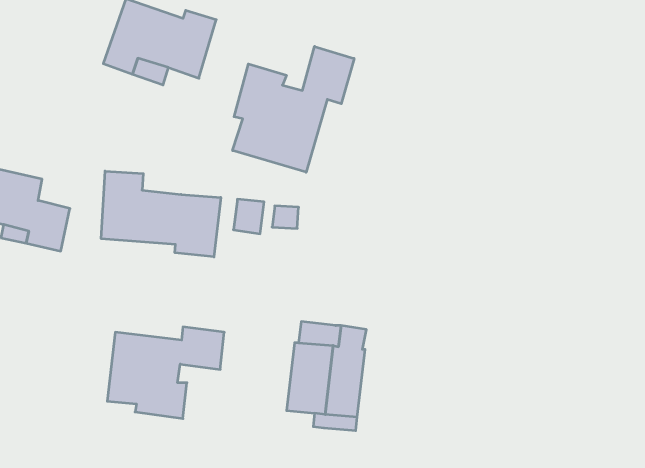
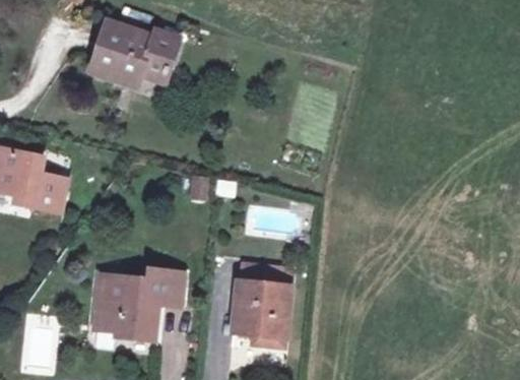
building: [233,46,354,172] -> none
building: [101,171,221,257] -> none

